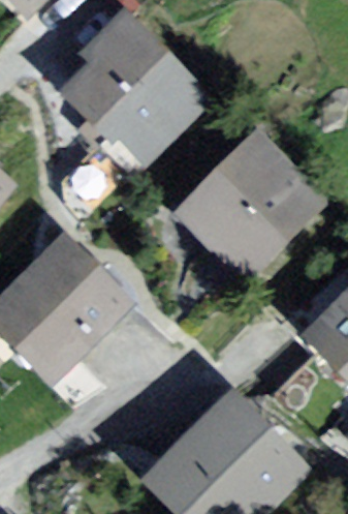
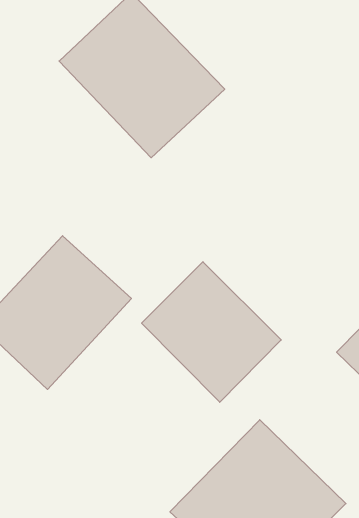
building: [180,135,316,272] -> none
building: none -> [142,262,281,402]

